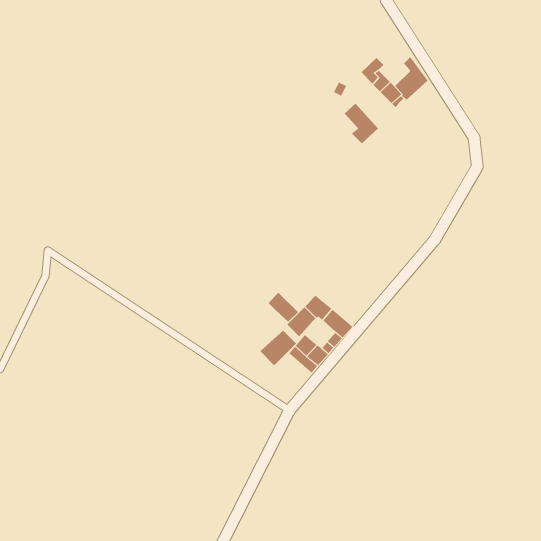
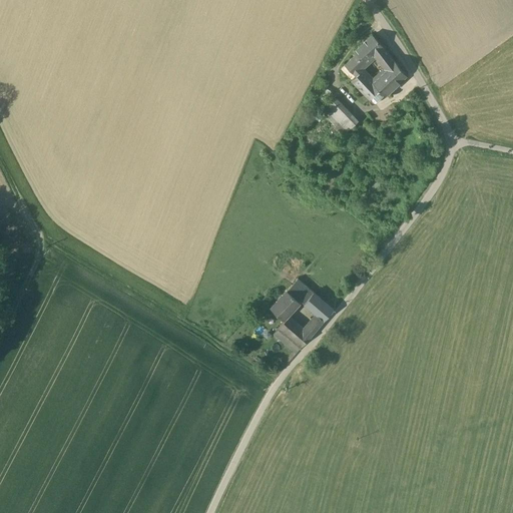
building: none -> [355,36,389,64]
building: [268,292,299,323] -> none
building: [259,330,297,366] -> none

